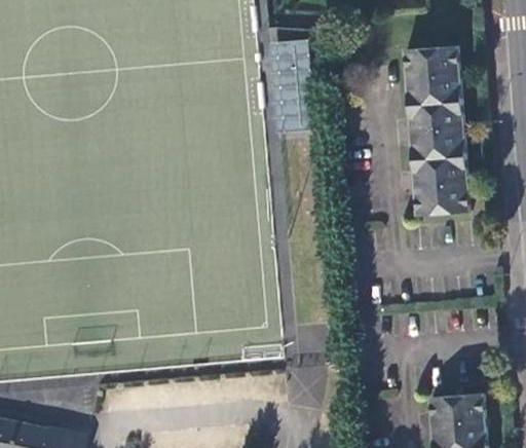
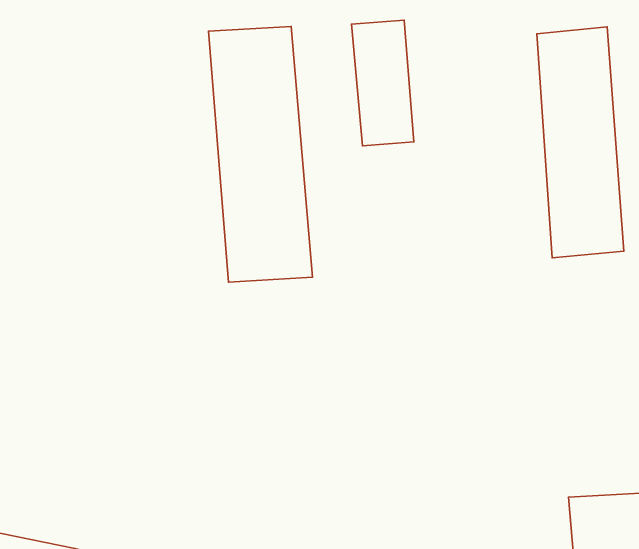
building: none -> [208,26,313,282]

